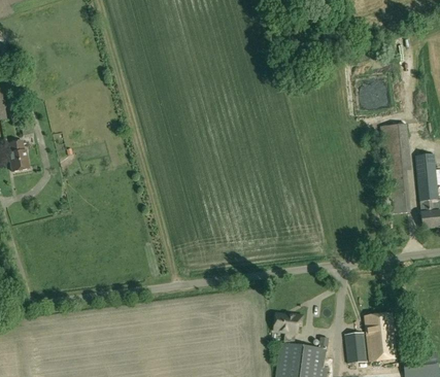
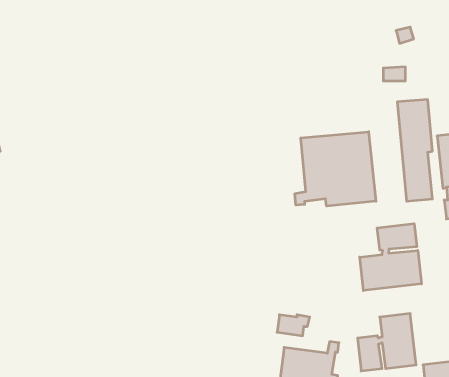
building: none -> [295,132,376,206]
building: none -> [360,224,421,291]

